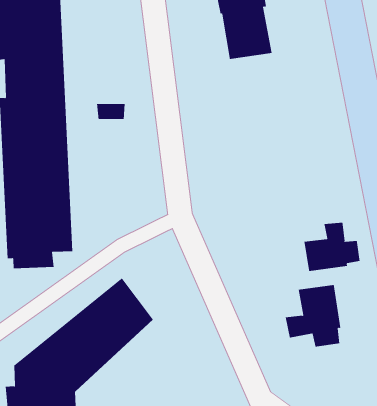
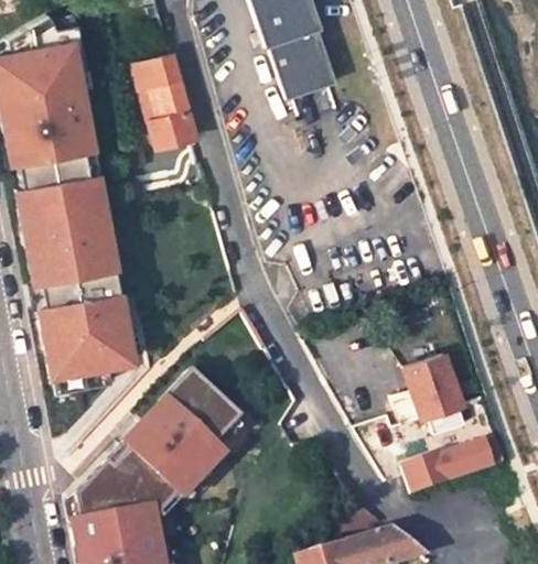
building: none -> [133,57,195,148]
building: [304,222,360,272] -> none
building: none -> [404,444,494,489]

